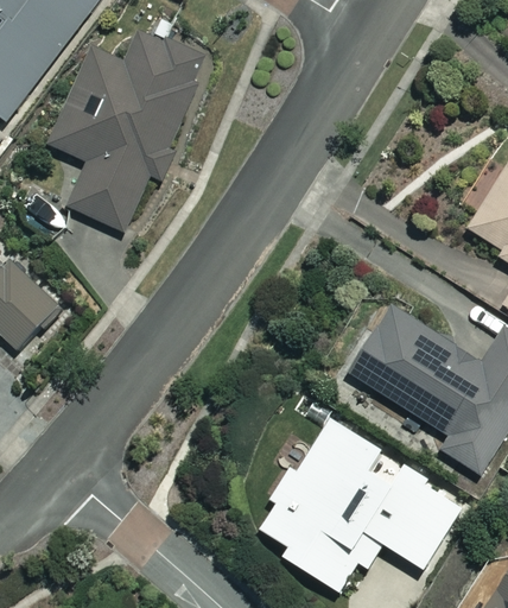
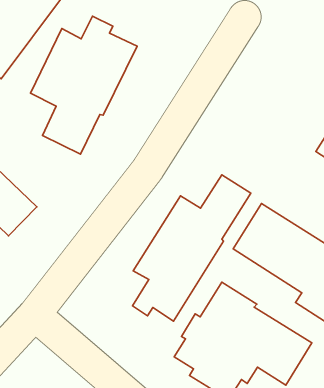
building: none -> [132,175,251,321]

